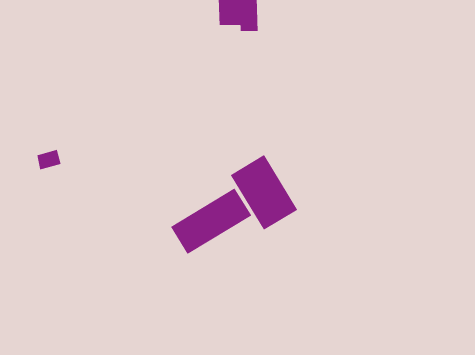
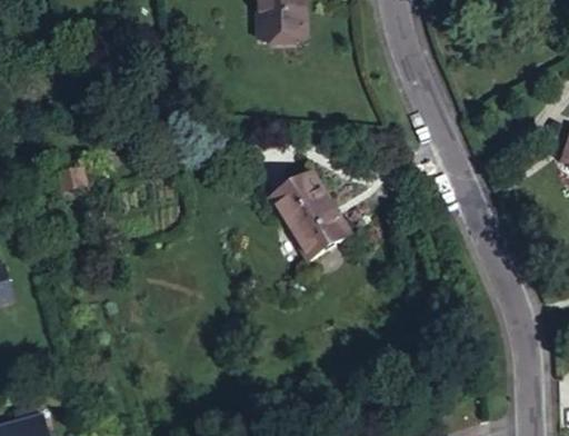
building: [170,187,252,255] -> none

